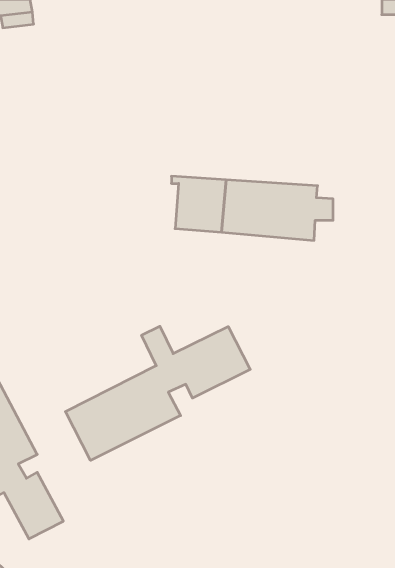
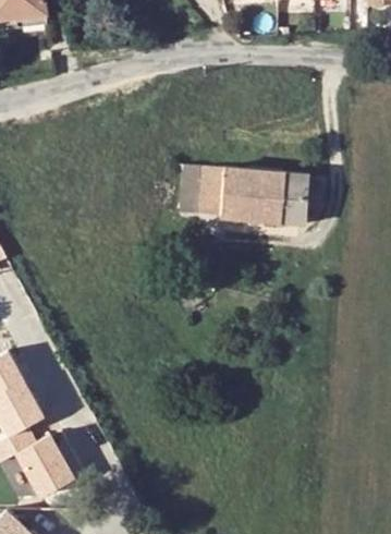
building: [65,326,250,460] -> none

